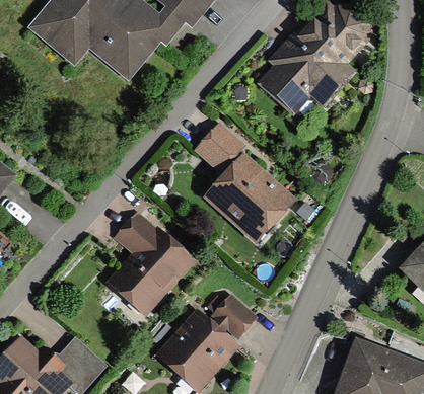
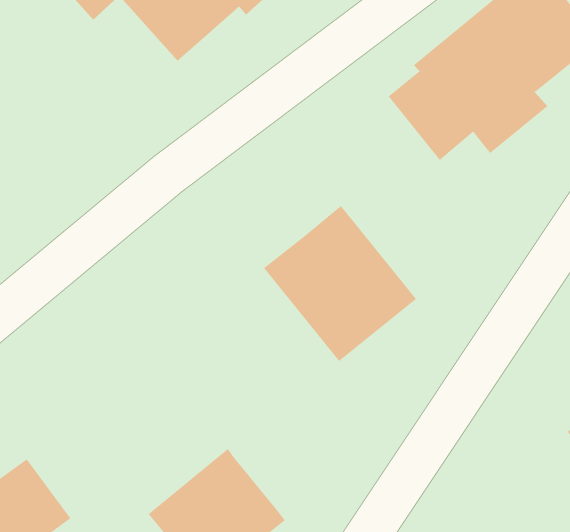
building: [195,123,245,173] -> none
building: [104,206,198,318] -> none
building: [203,292,259,341] -> none

